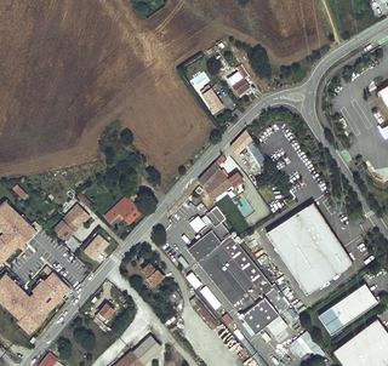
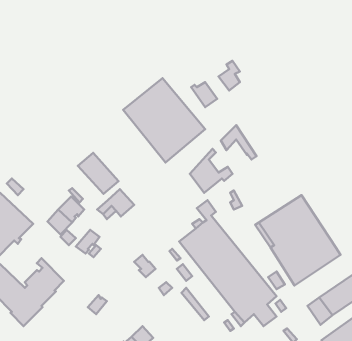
building: none -> [123,78,205,162]
building: none -> [78,153,119,194]

